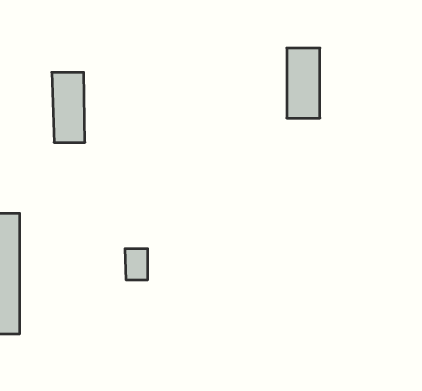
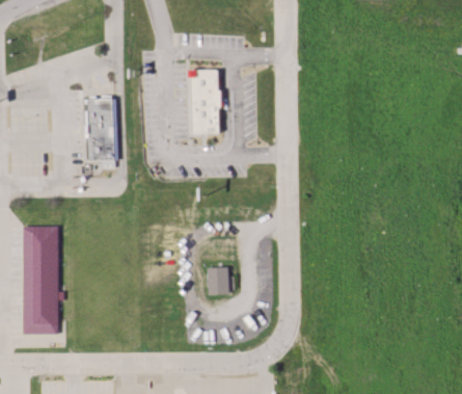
building: [287,48,320,118] -> [191,71,221,134]
building: [125,249,148,280] -> [208,267,228,295]

